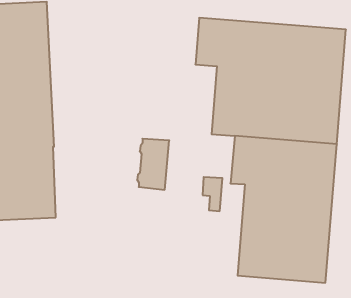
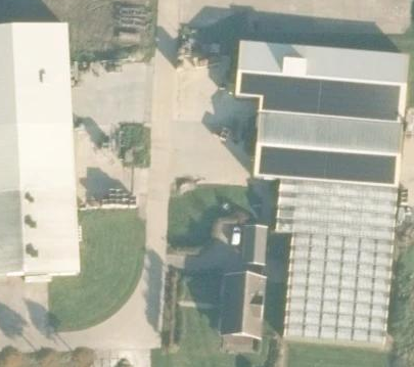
building: [137,139,169,190] -> [221,275,258,333]

